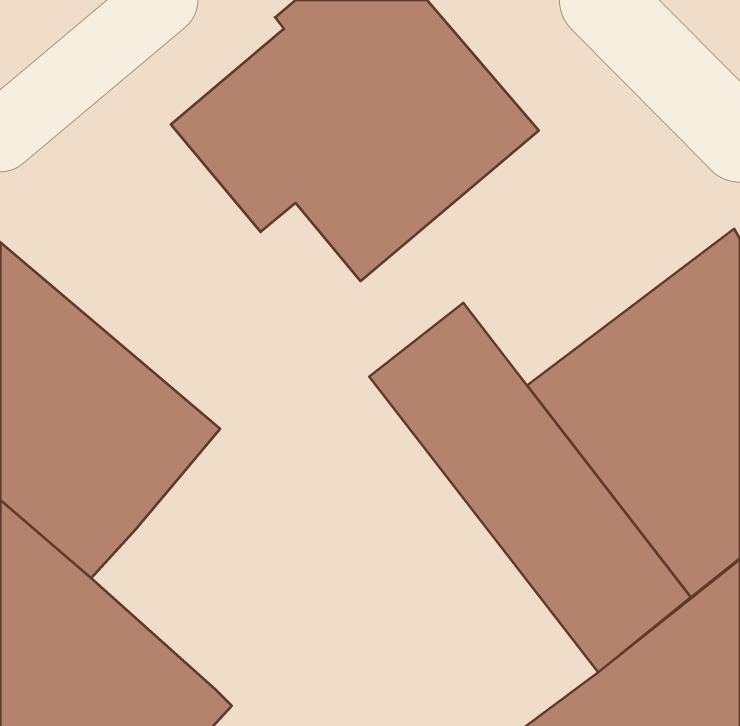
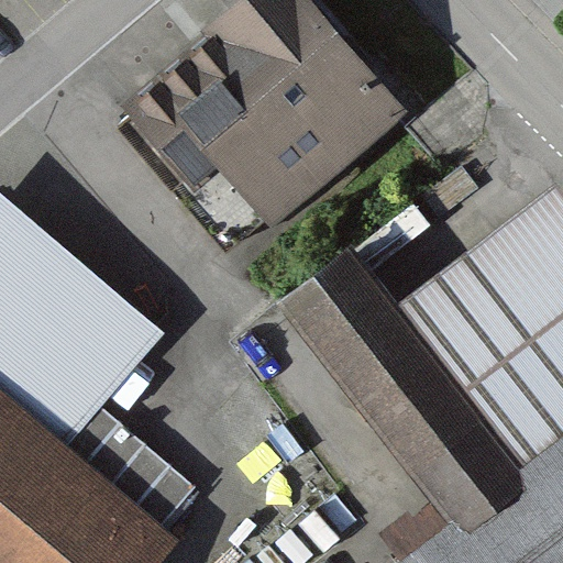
building: none -> [69,412,198,534]

